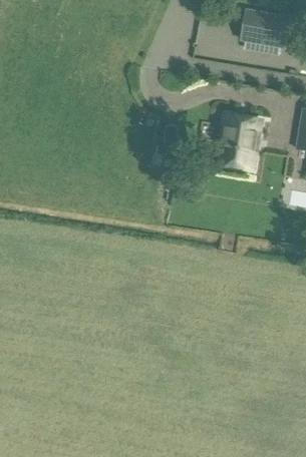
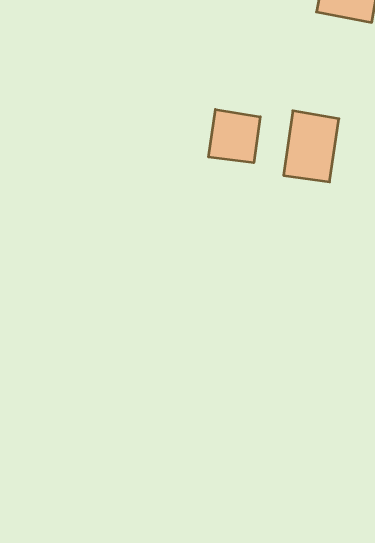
building: none -> [209,109,260,163]

